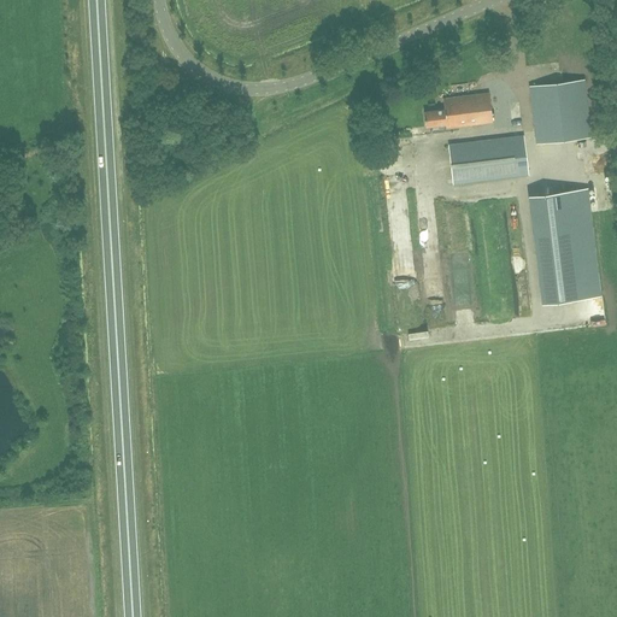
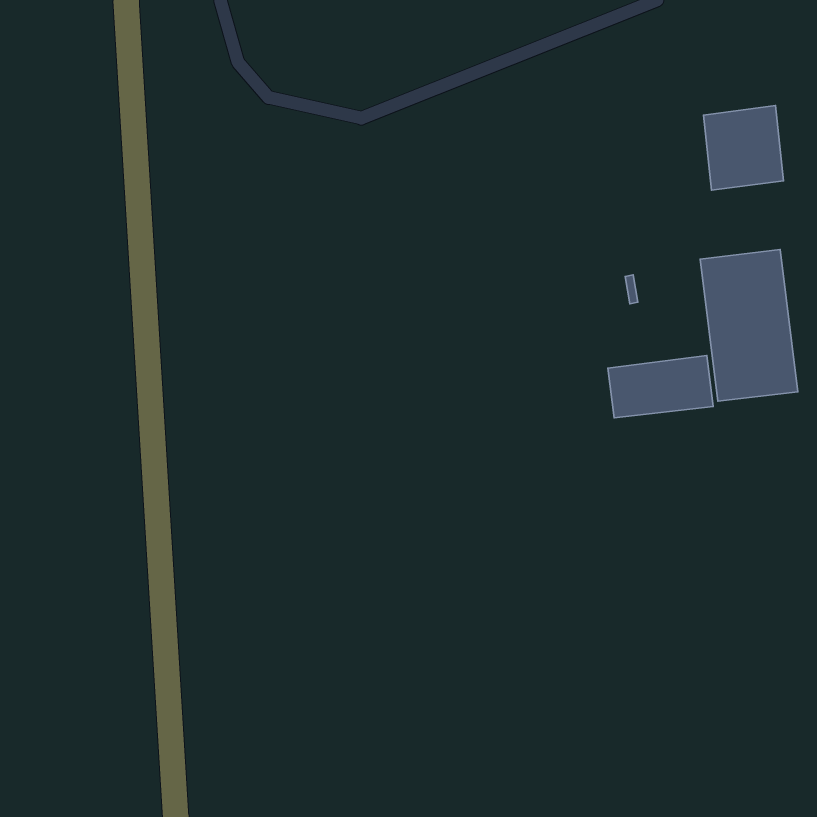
building: [424,94,493,128] -> none
building: [449,136,529,183] -> [608,355,713,418]

